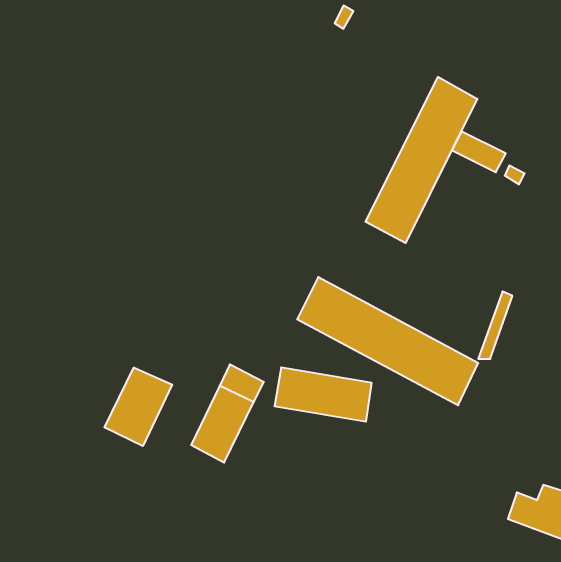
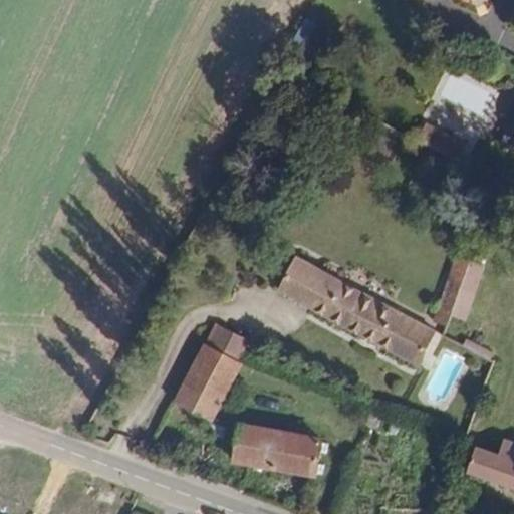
building: [366,77,477,243] -> none
building: [274,367,372,422] -> [231,426,319,475]
building: [105,368,172,446] -> none

